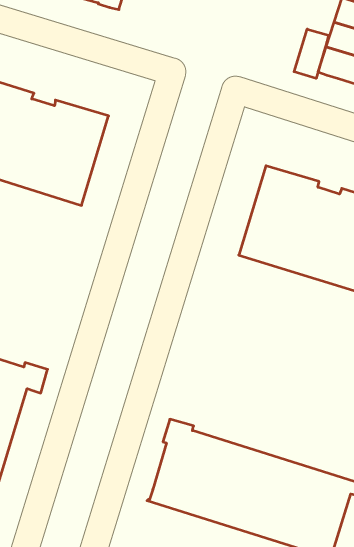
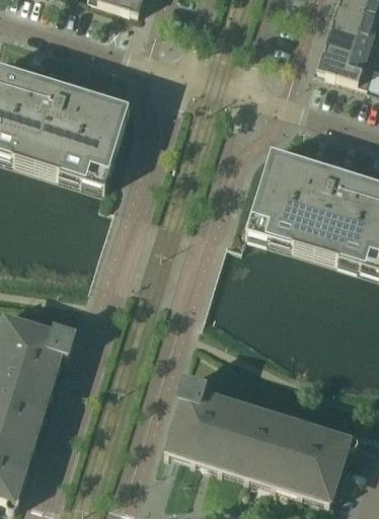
building: [294,29,328,78] -> none

